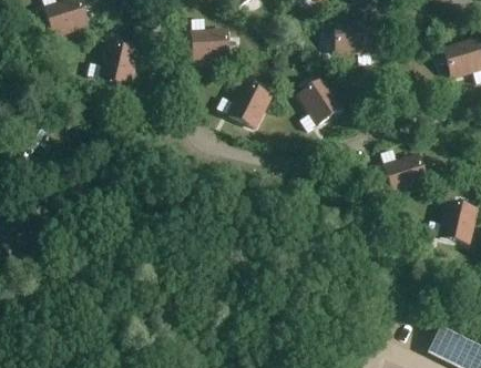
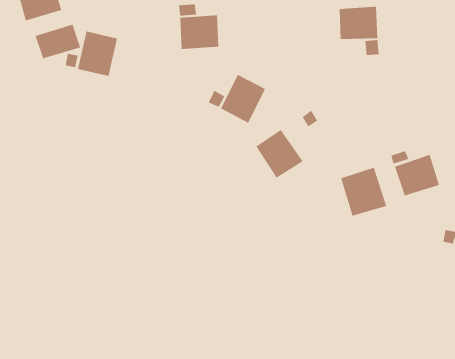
building: none -> [35,24,81,59]
building: [300,78,344,122] -> [255,129,303,178]
building: none -> [340,167,387,216]

